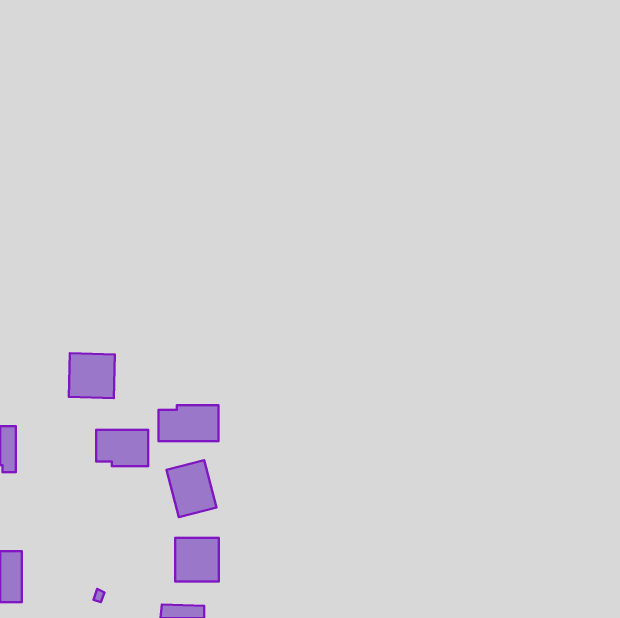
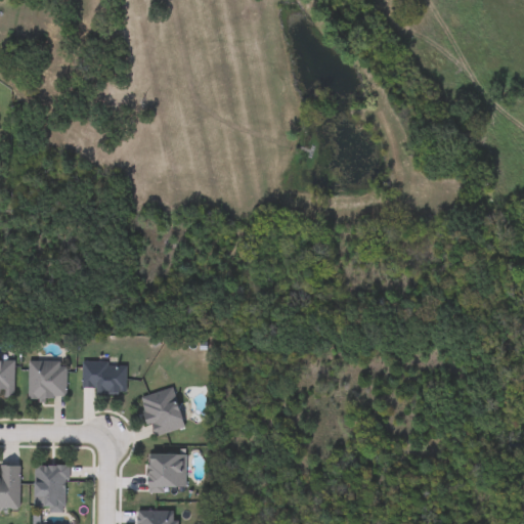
building: [69,353,115,398] -> [28,360,67,398]
building: [159,405,218,441] -> none
building: none -> [34,465,68,509]

